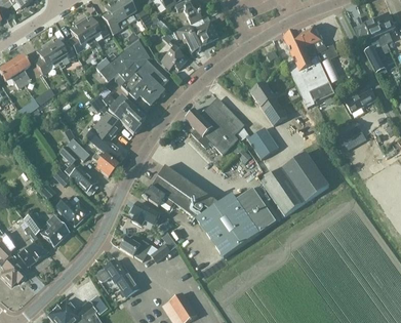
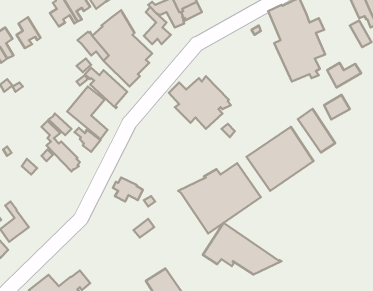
building: [45,38,76,68] -> none
building: [250,82,287,125] -> [298,109,335,152]
building: [238,127,278,159] -> none
building: [144,164,222,215] -> [203,223,281,275]
building: [54,196,89,227] -> none
building: [23,212,68,246] -> none
building: [120,236,152,260] -> none
building: [96,258,139,296] -> none

